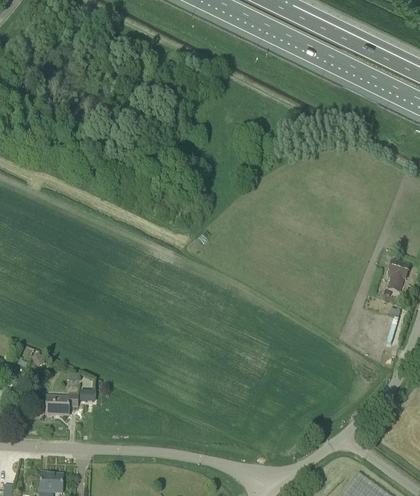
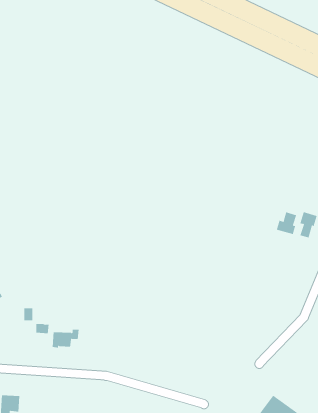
building: none -> [276,211,297,235]
building: [45,393,77,415] -> [52,329,79,348]

